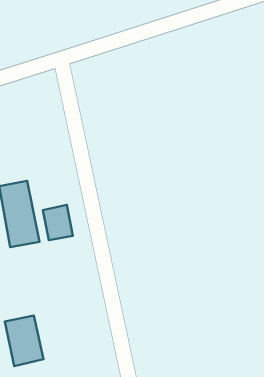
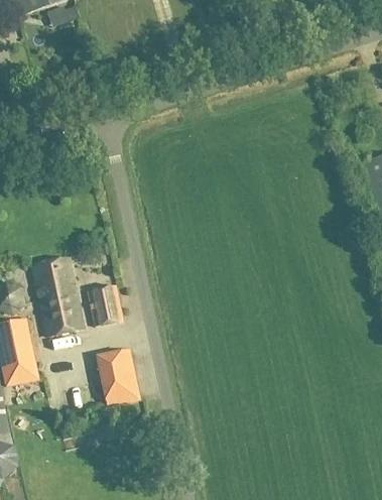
building: [5,315,43,366] -> [96,347,141,406]

